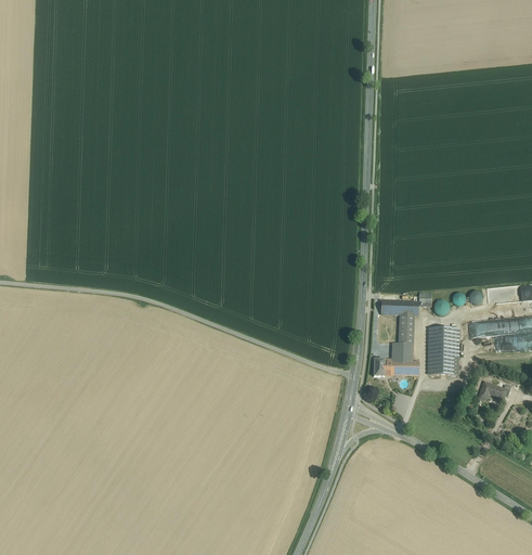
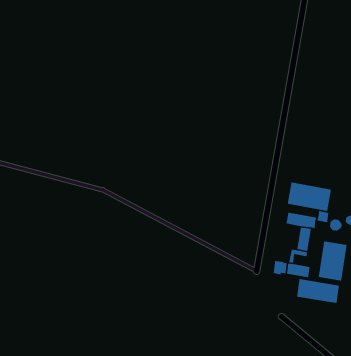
building: none -> [287,181,332,212]
building: none -> [296,278,340,304]

